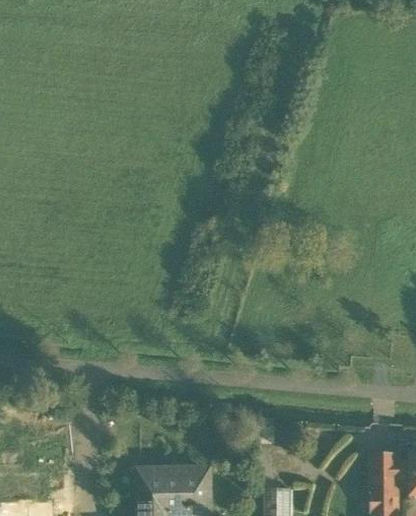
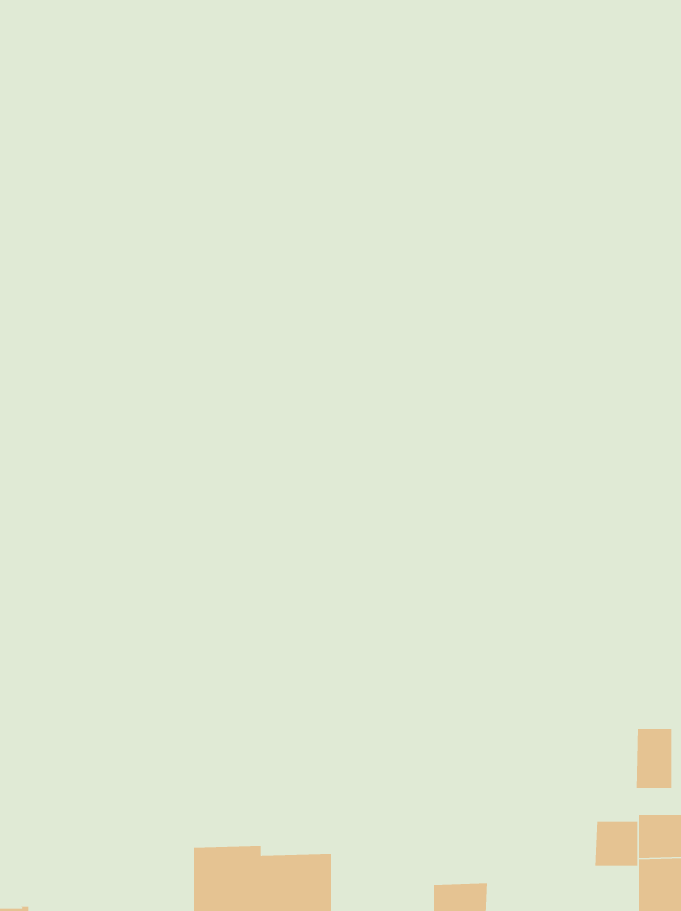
building: none -> [636,728,672,789]
building: none -> [594,821,638,866]

